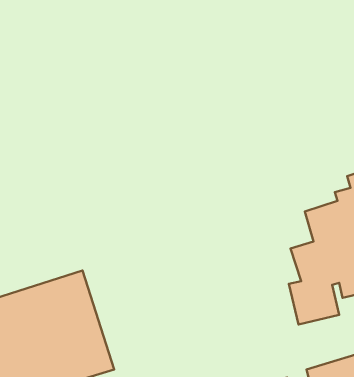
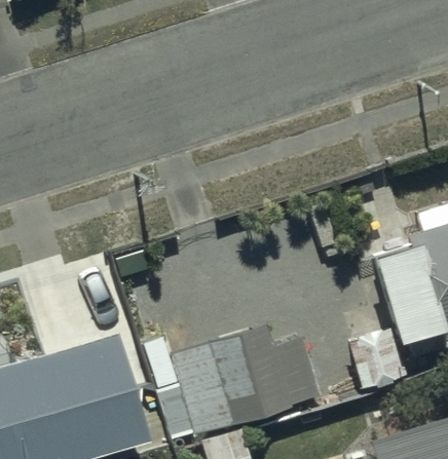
building: none -> [170,327,328,441]

